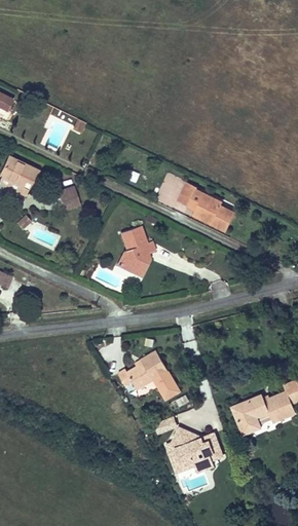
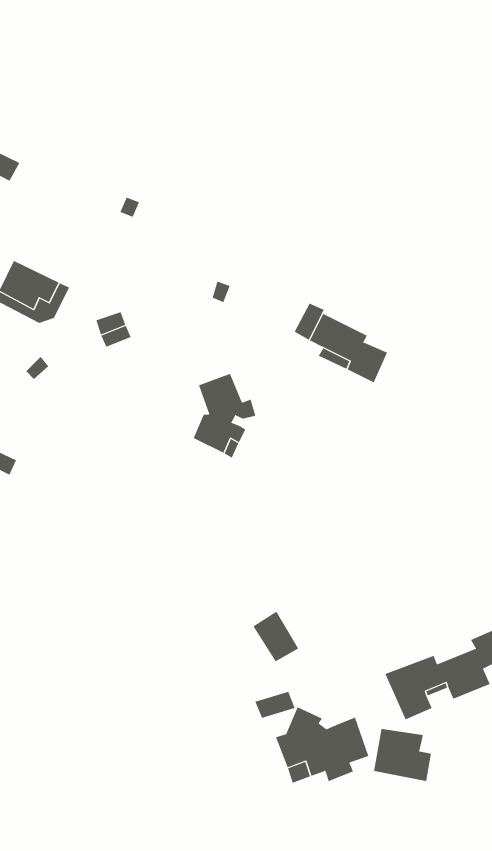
building: [118,350,167,388] -> none
building: none -> [374,728,432,782]

